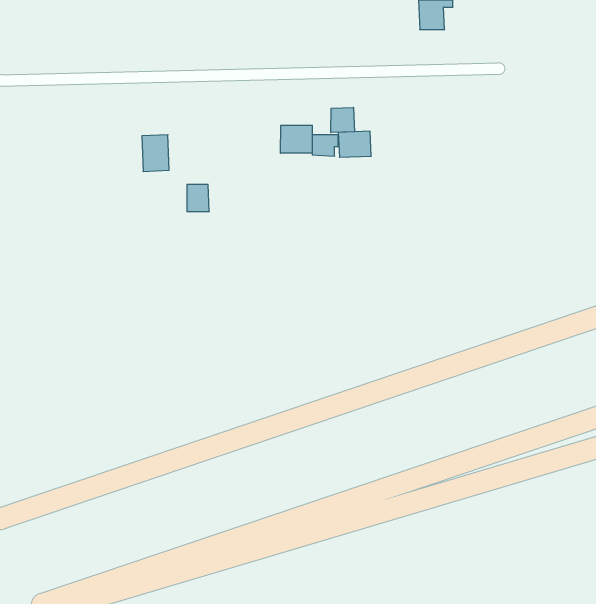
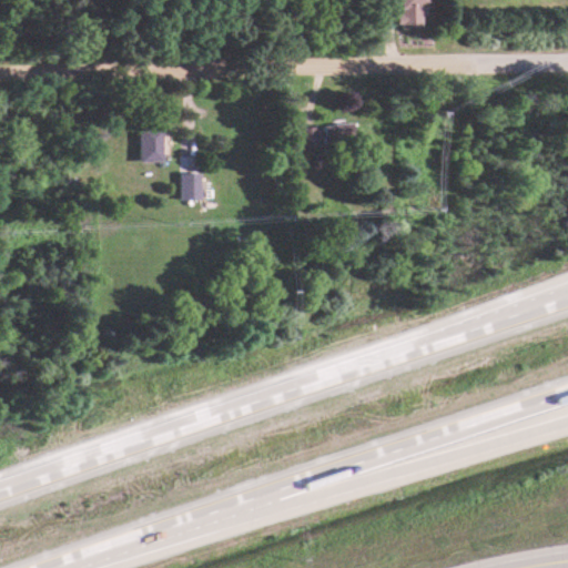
building: [331,107,354,133] -> none
building: [280,125,312,153] -> none

